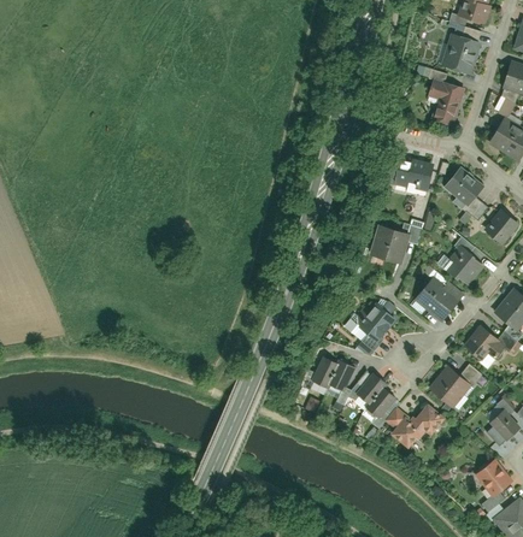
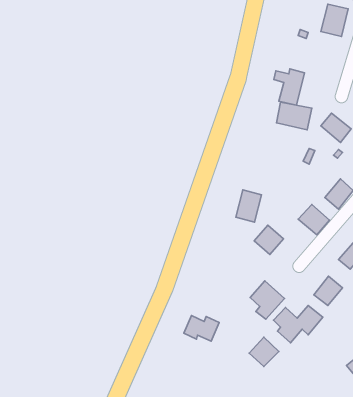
building: [427,82,464,126] -> [274,69,304,105]
building: [372,224,404,264] -> [236,190,261,222]
building: [313,359,357,390] -> [184,316,219,341]
building: none -> [249,337,279,367]

